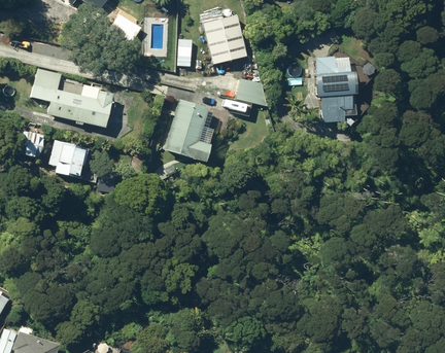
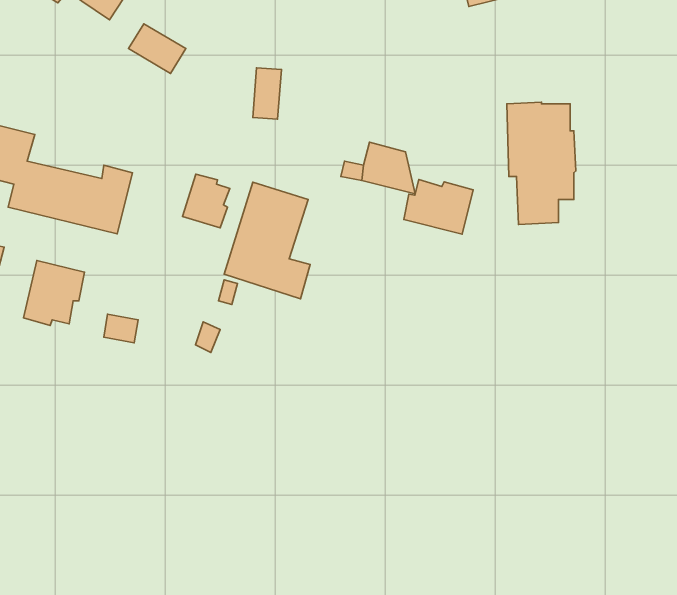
building: [204,14,248,64] -> none
building: none -> [183,174,230,228]
building: none -> [404,179,473,234]

